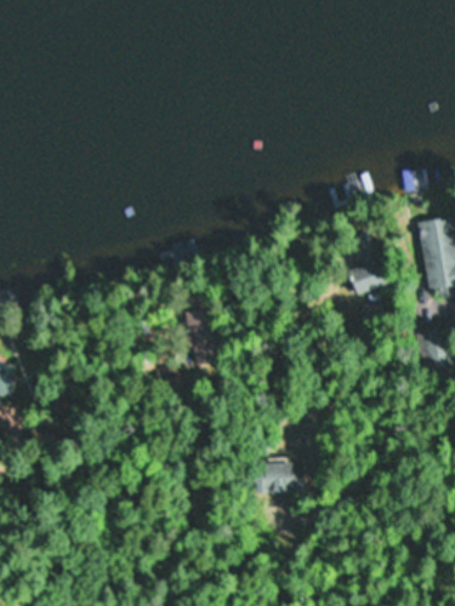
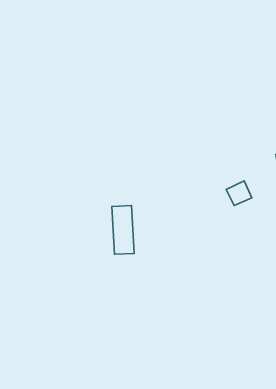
building: [254,463,292,492] -> none

